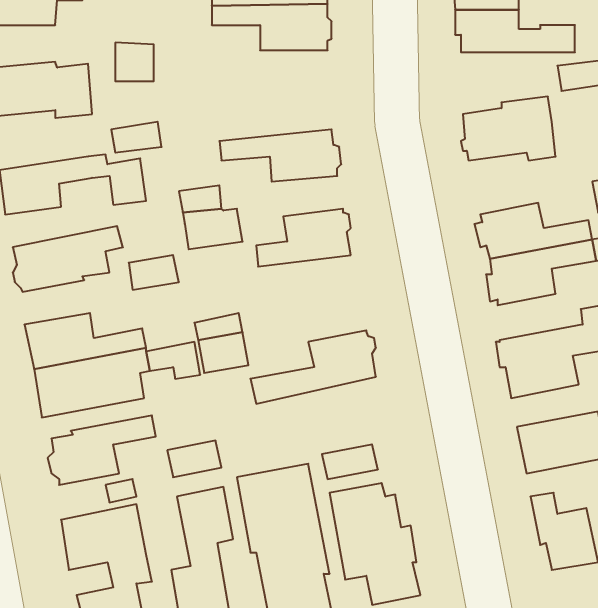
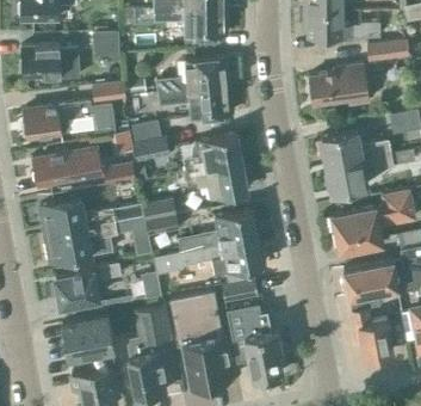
building: none -> [157,57,230,93]
building: none -> [182,164,248,197]
building: none -> [154,239,262,283]

